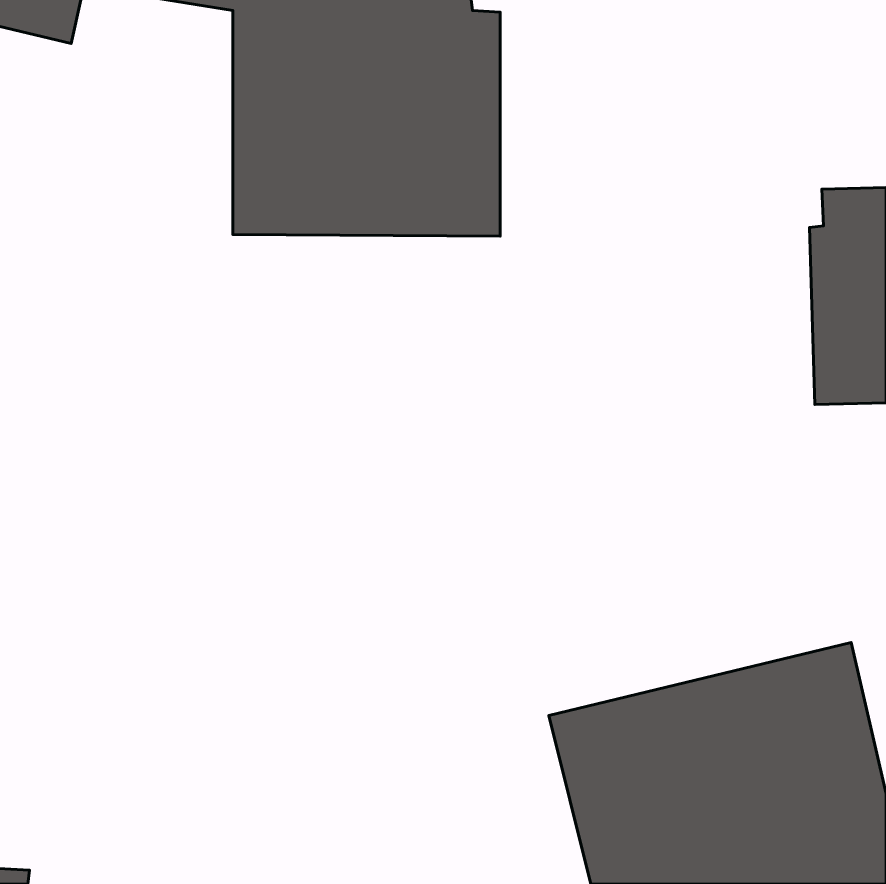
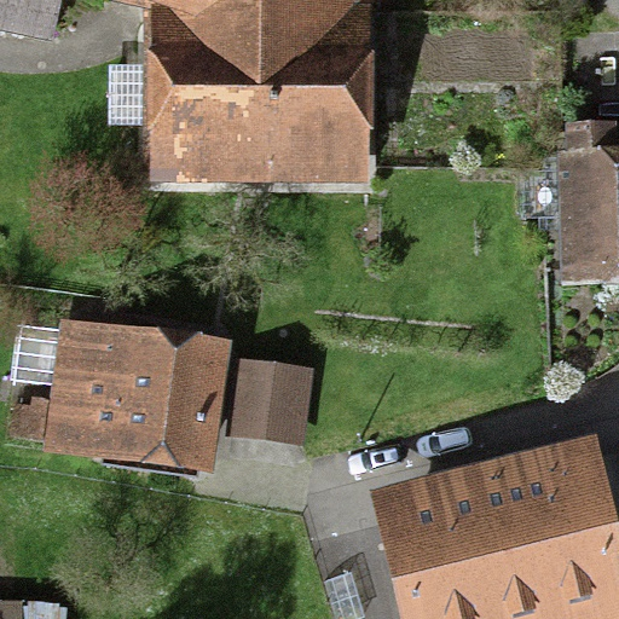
building: none -> [52,326,225,472]
building: none -> [235,364,310,442]

